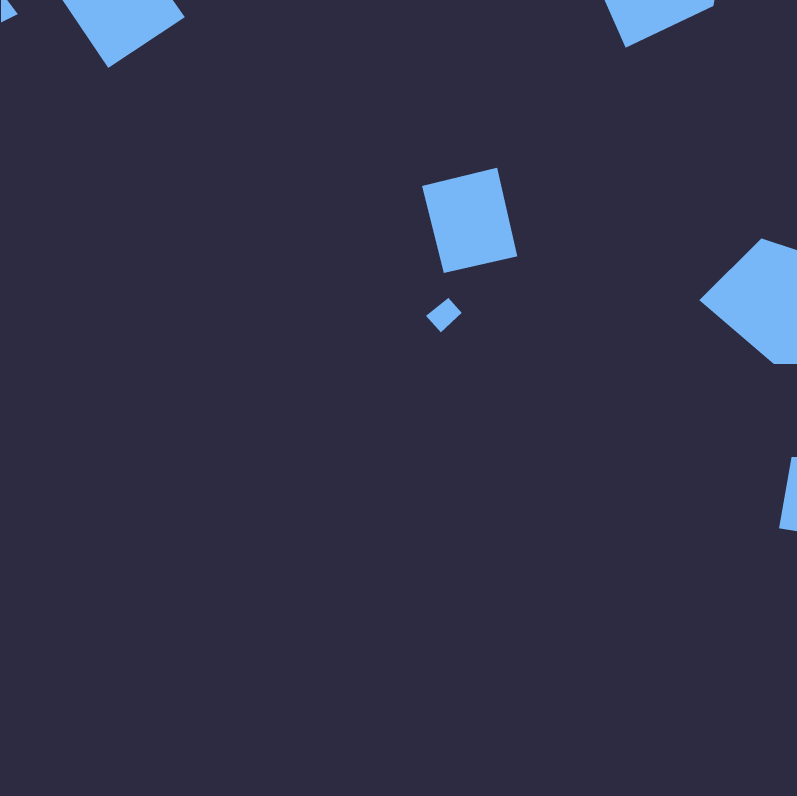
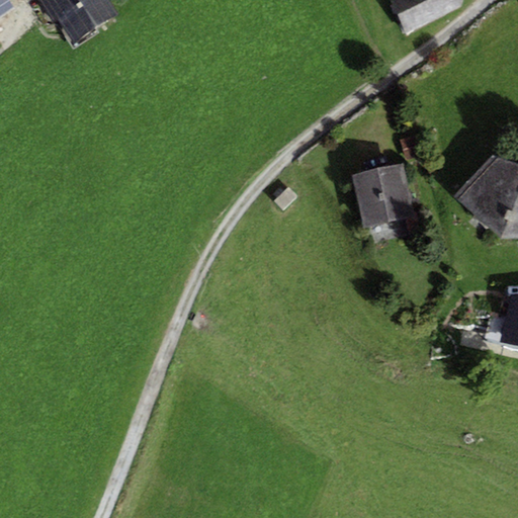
building: [421,167,518,274] -> [352,160,415,229]

